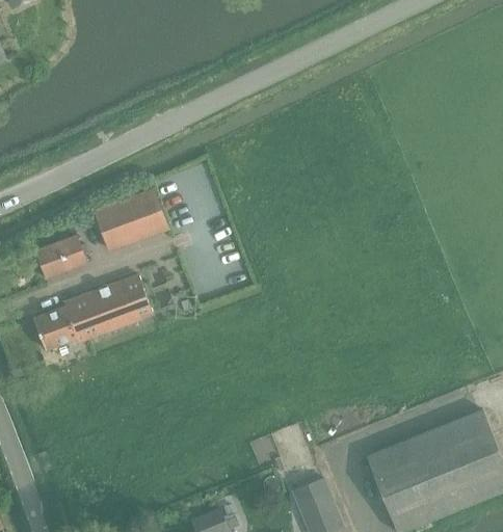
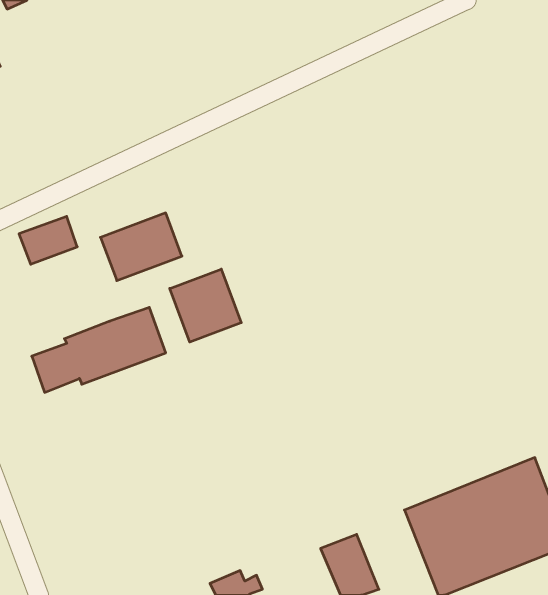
building: [34,236,86,278] -> [19,216,77,264]
building: none -> [170,269,241,342]

